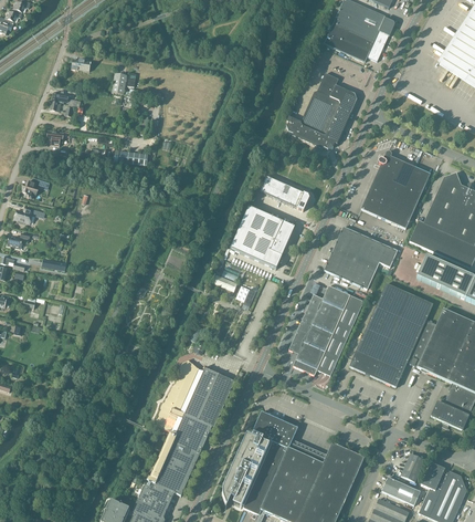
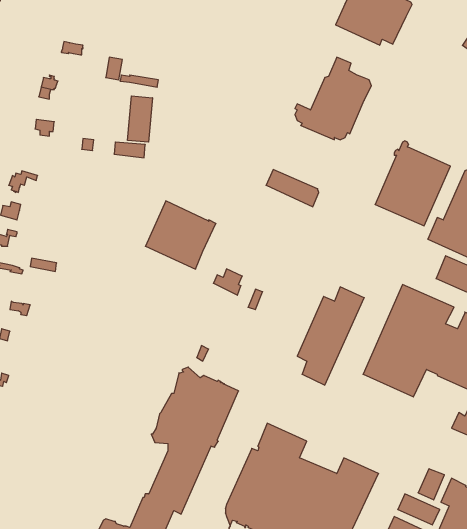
building: none -> [128,96,152,142]
building: [231,206,296,269] -> [145,201,216,269]
building: [325,227,398,289] -> none

